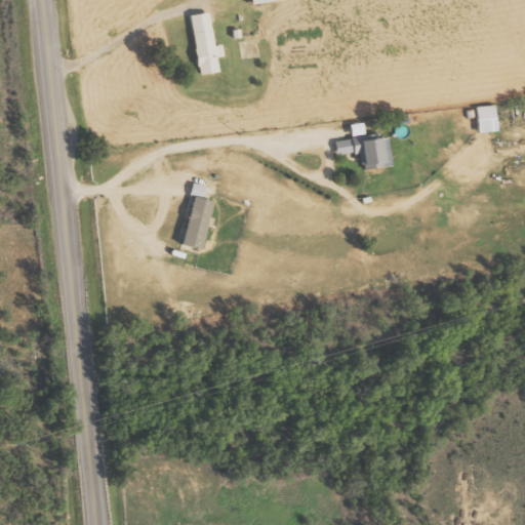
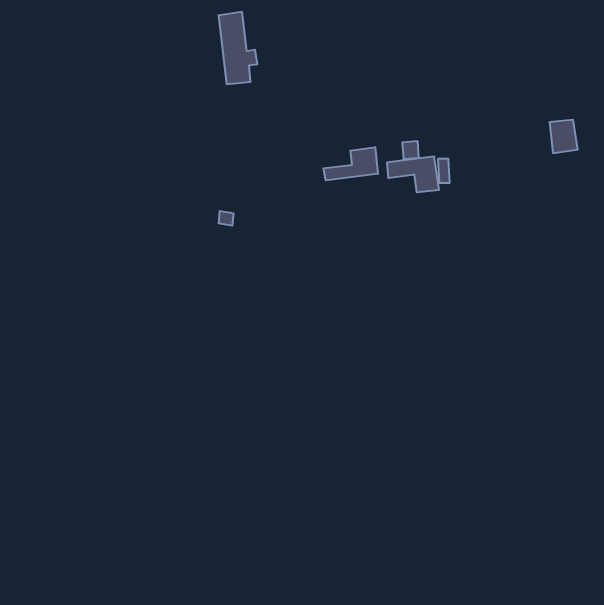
building: none -> [323,147,378,180]
building: [180,196,214,249] -> none

